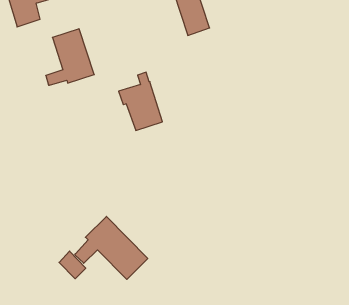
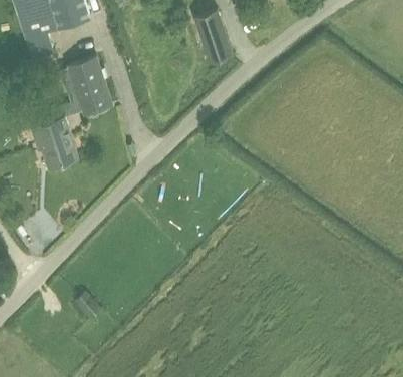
building: [119,72,162,130] -> [31,107,77,168]
building: [75,216,148,279] -> none

